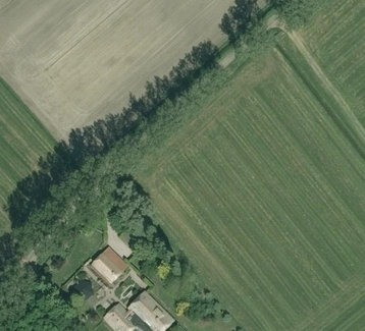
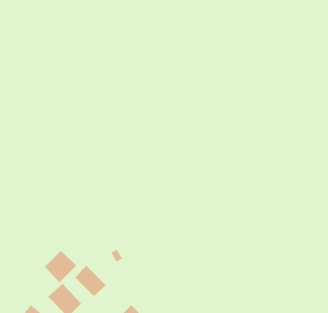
building: none -> [44,250,77,283]

